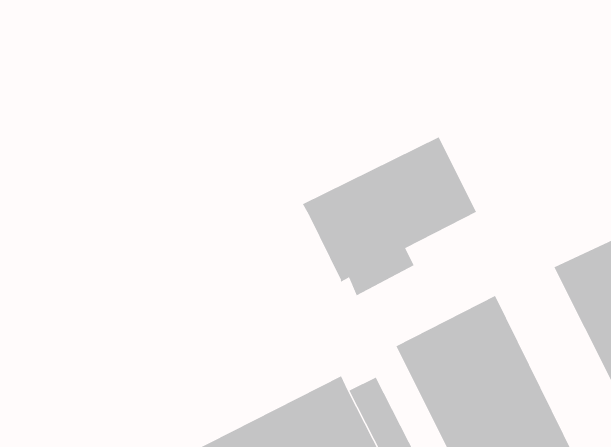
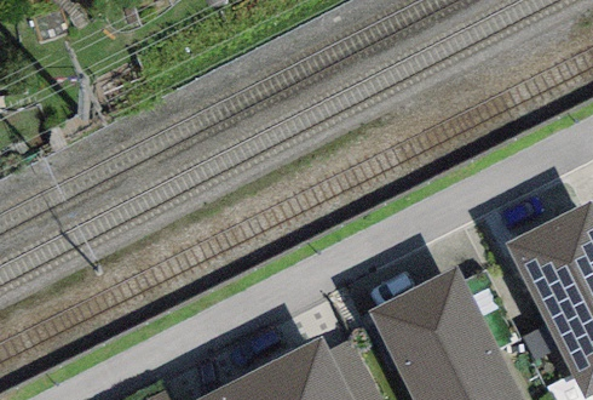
building: [302,137,477,296] -> none

